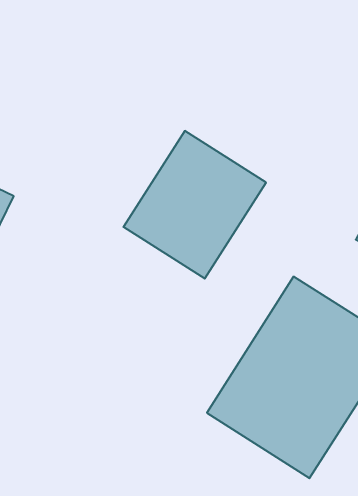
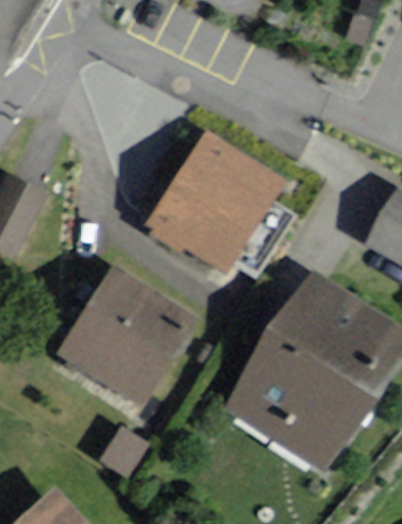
building: none -> [56,263,196,405]

